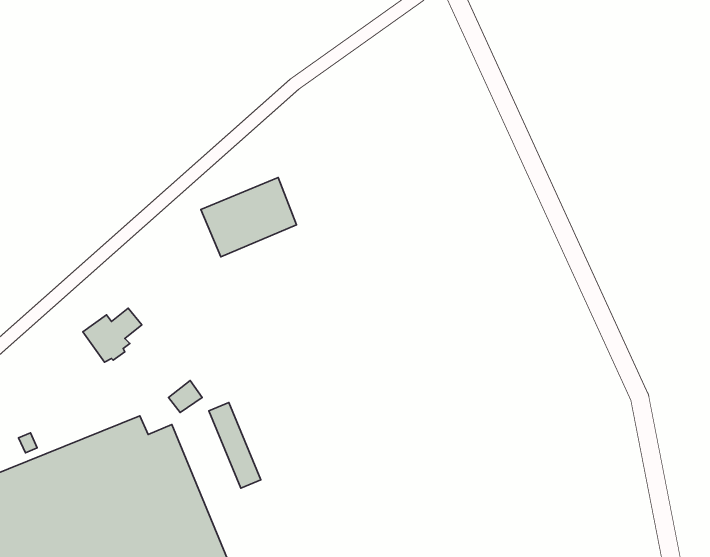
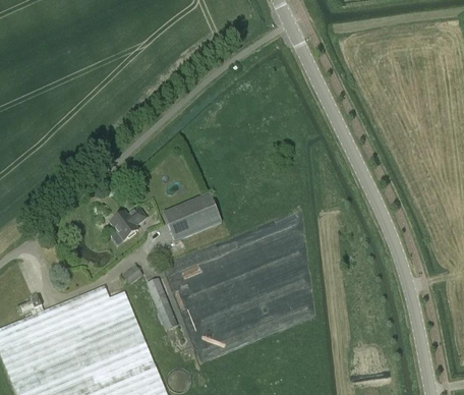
building: [201,178,297,257] -> [164,193,222,241]
building: [83,308,142,362] -> [110,208,146,240]

